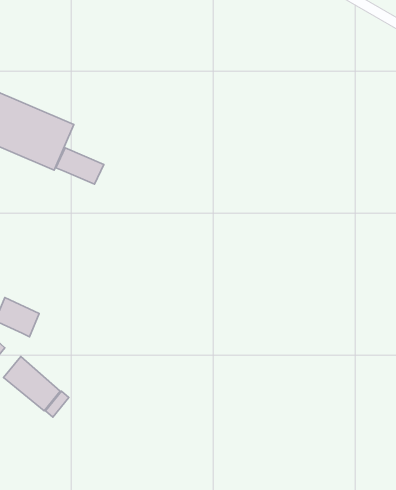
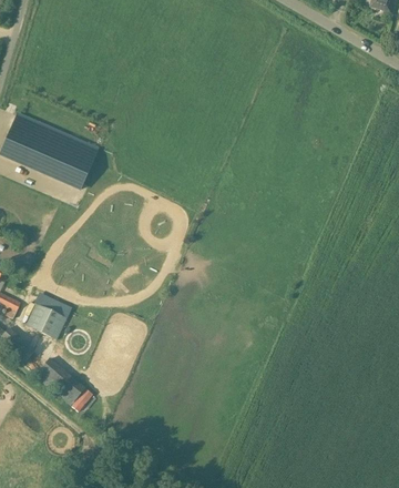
building: [56,148,104,184] -> none

